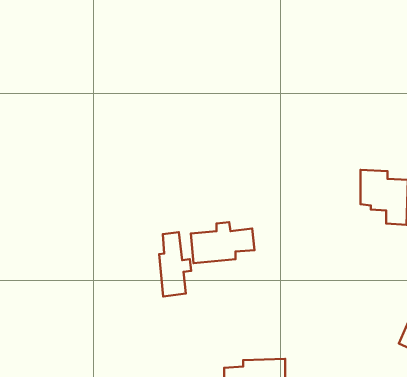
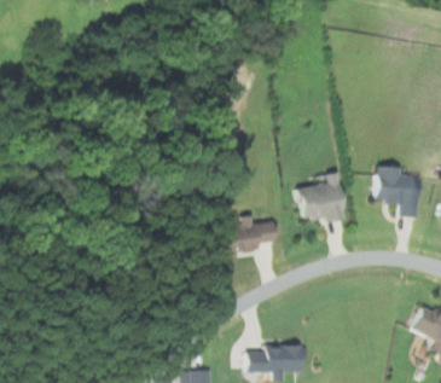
building: none -> [296,172,347,225]
building: [159,232,191,297] -> none

